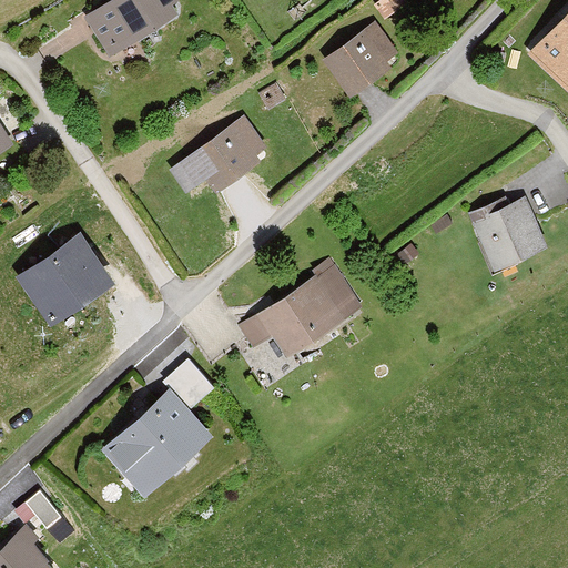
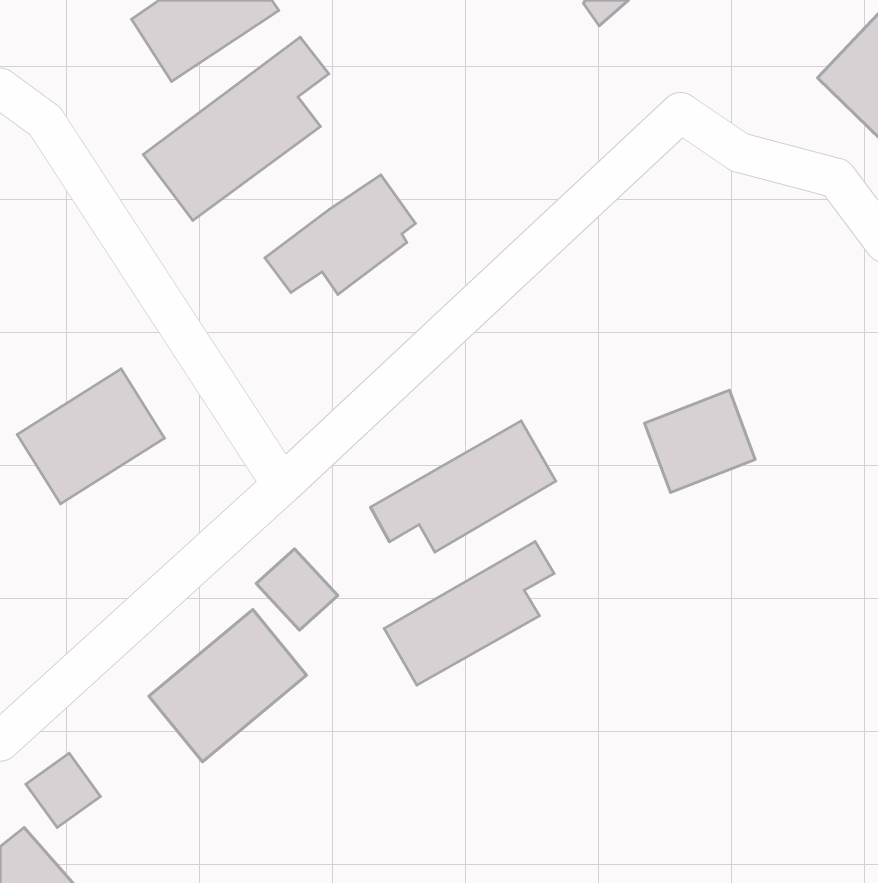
building: [327,19,403,92] -> none
building: none -> [143,37,329,221]
building: [470,199,541,264] -> [644,390,755,492]
building: none -> [384,542,554,685]

